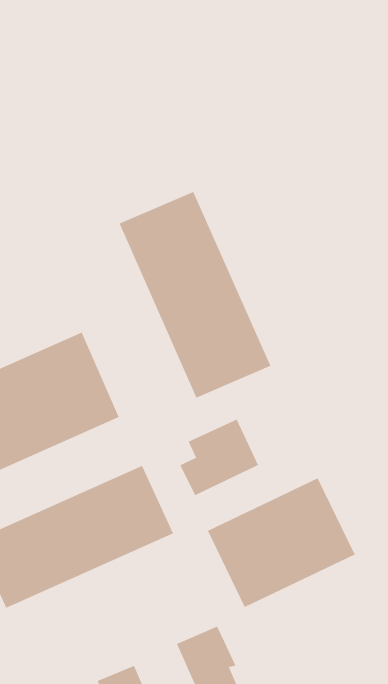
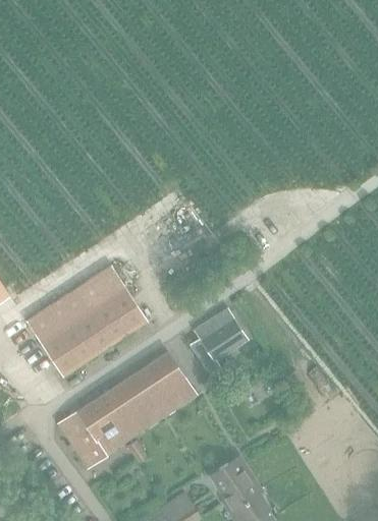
building: [119,191,271,398] -> none
building: [207,478,355,608] -> none

